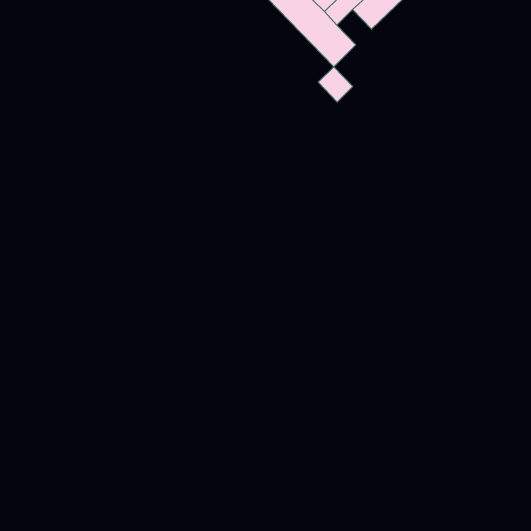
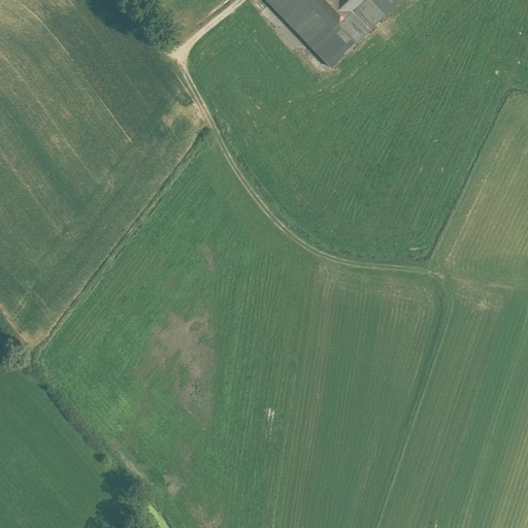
building: [318,67,353,102] -> [333,9,367,44]

